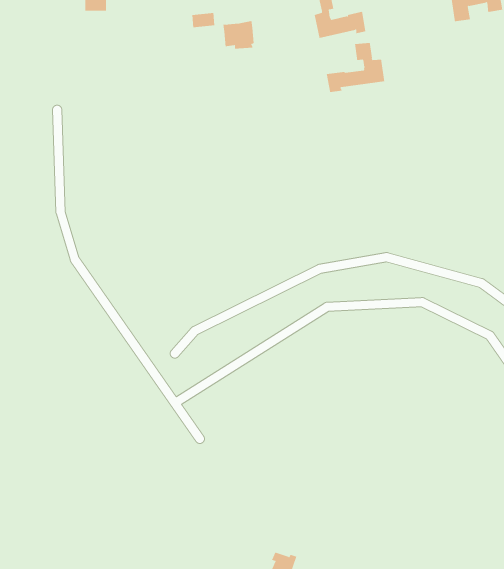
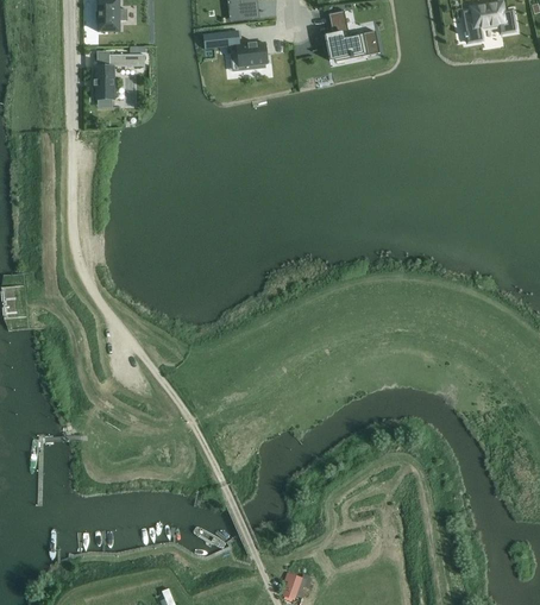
building: none -> [94,55,144,99]
building: [326,42,385,93] -> none

